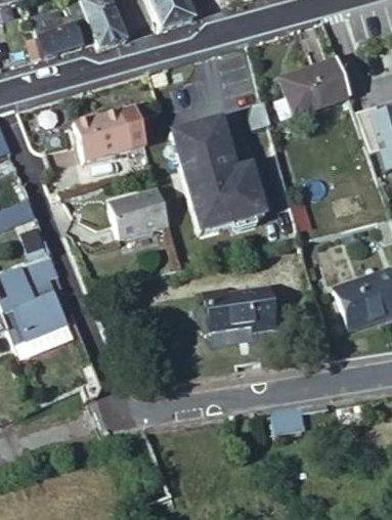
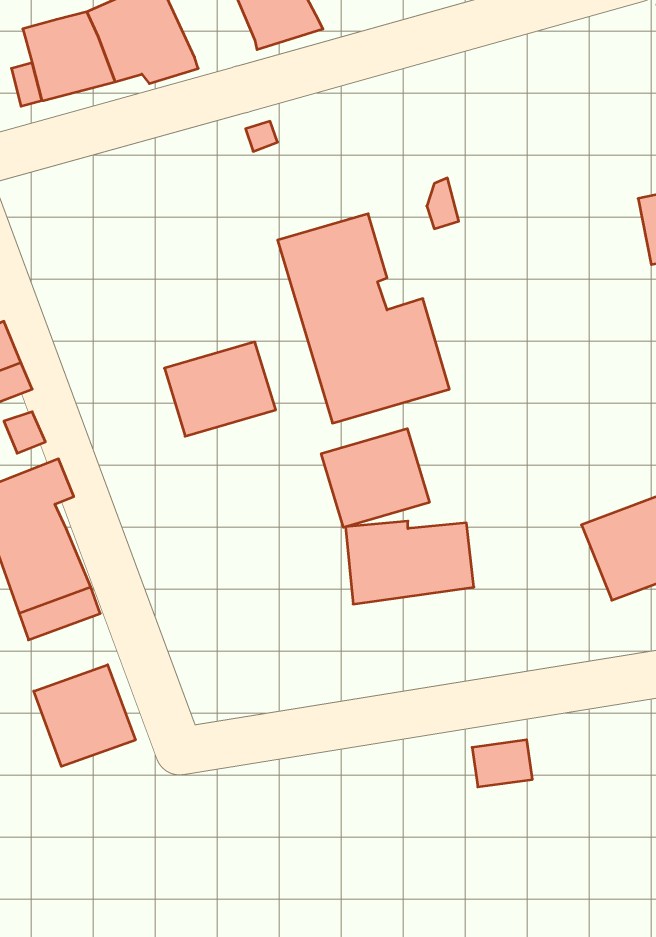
building: [276,58,351,118] -> none
building: [76,103,144,159] -> none
building: none -> [321,429,429,527]
building: none -> [34,665,135,766]

